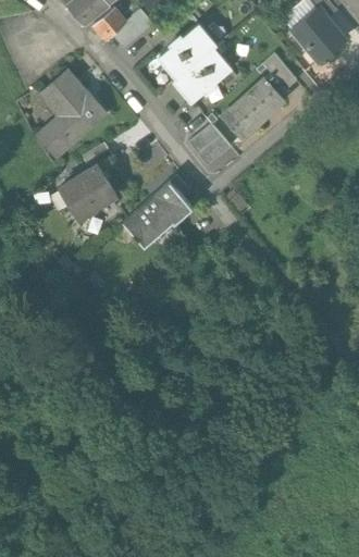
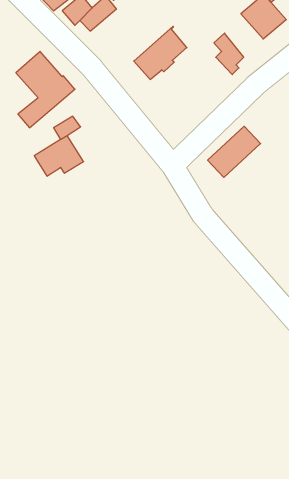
building: [157,23,216,83] -> none
building: [223,78,283,136] -> [208,126,261,177]
building: [188,123,230,165] -> none
building: [122,182,193,247] -> none

